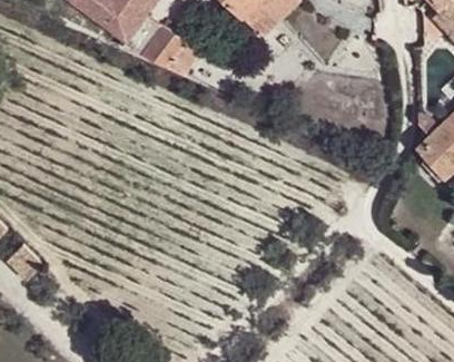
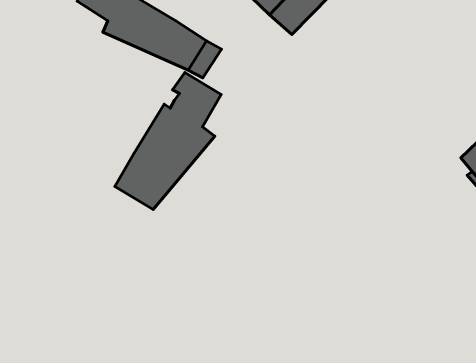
building: none -> [115,72,221,209]

